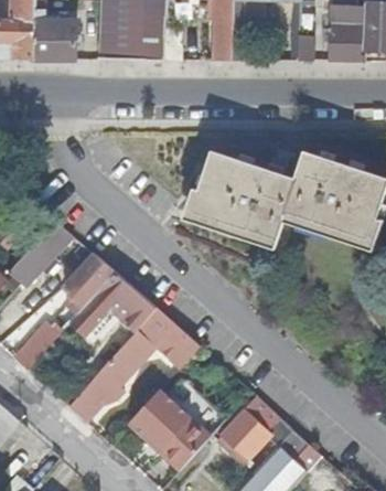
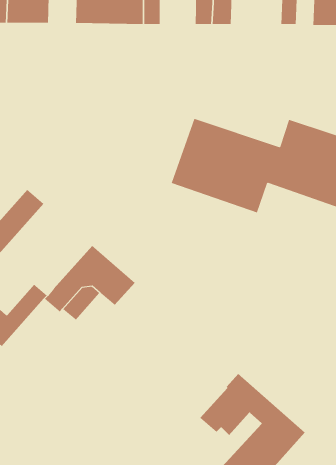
building: [62,254,114,314] -> none
building: [67,309,197,419] -> none
building: [126,378,224,471] -> none

